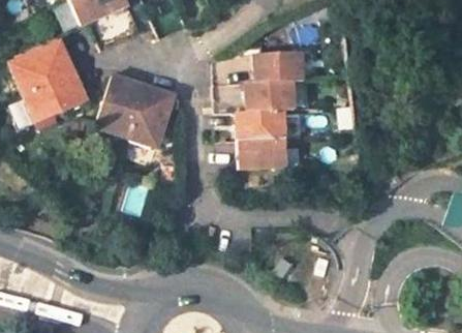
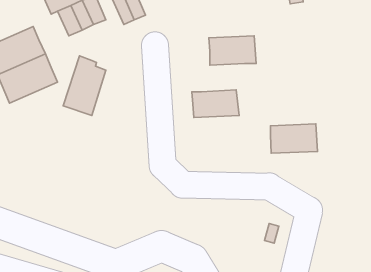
building: [244,80,295,111] -> none
building: [125,87,176,148] -> none
building: [237,137,288,169] -> [270,124,318,153]

